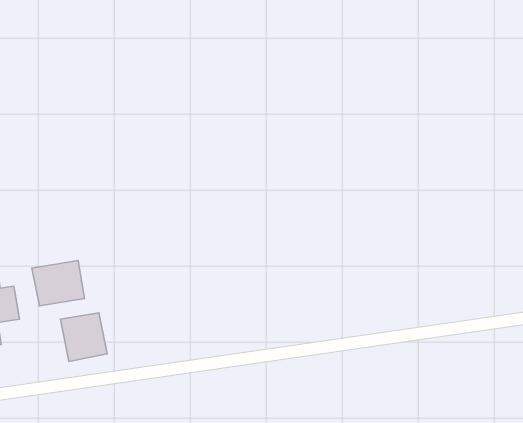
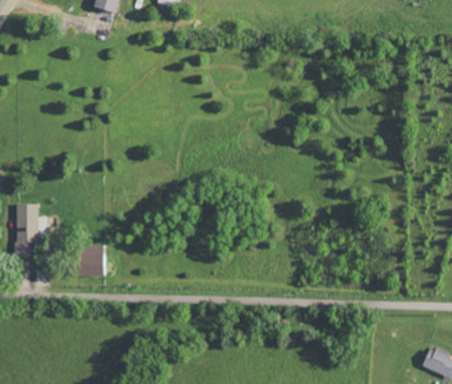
building: [32,260,84,306] -> none

